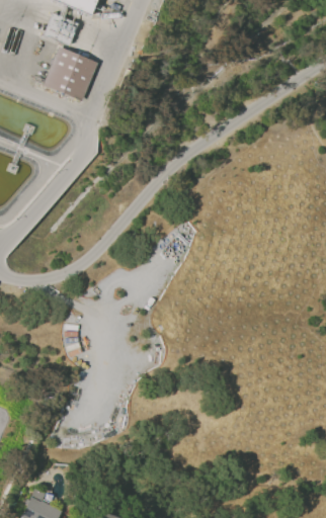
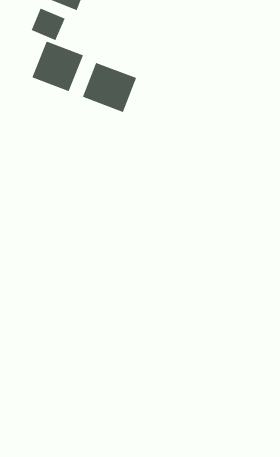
building: none -> [82,62,137,113]

